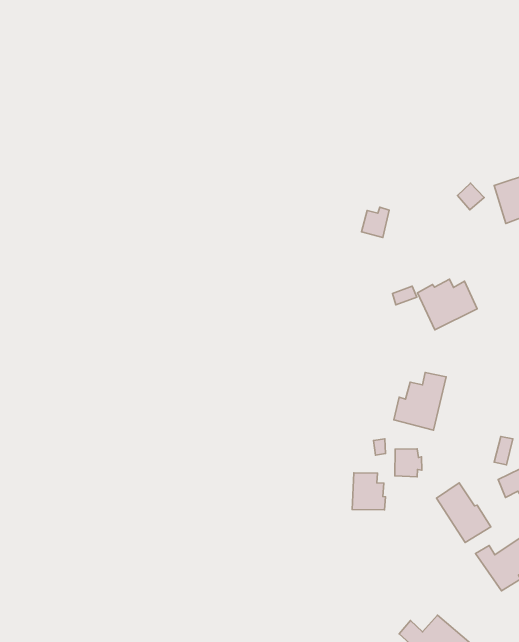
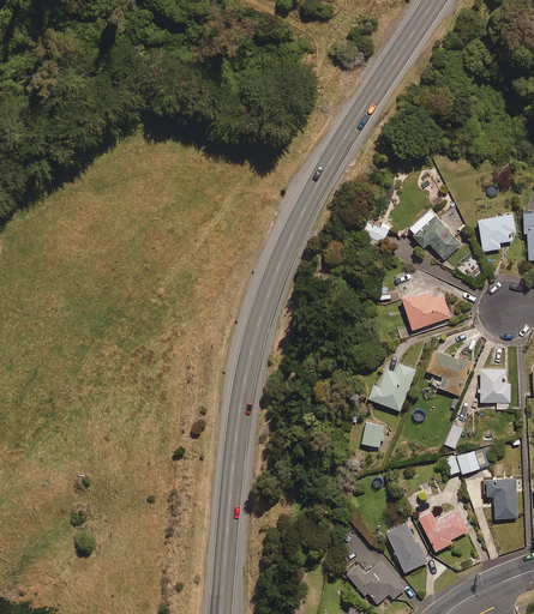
building: none -> [407,210,460,259]
building: none -> [426,350,470,396]
building: [352,473,385,510] -> none
building: [436,483,491,542] -> [385,523,426,572]

